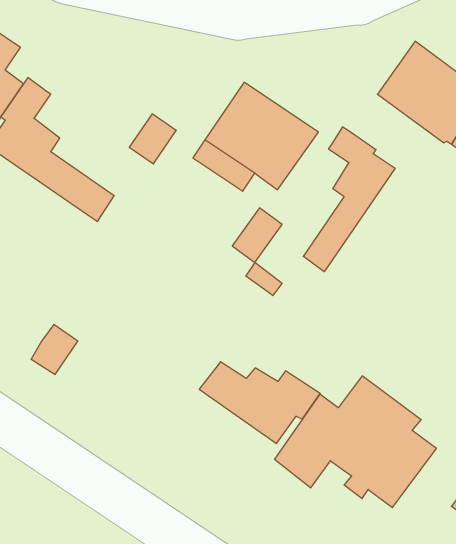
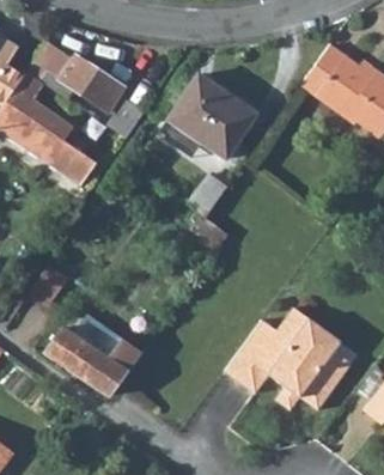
building: none -> [28,42,124,115]
building: [303,127,395,272] -> none
building: [199,362,320,444] -> [47,329,142,394]

